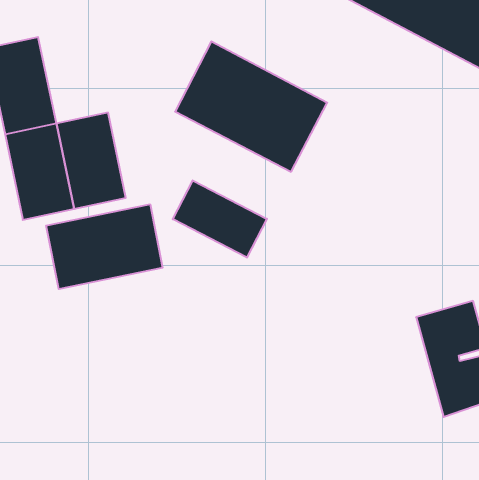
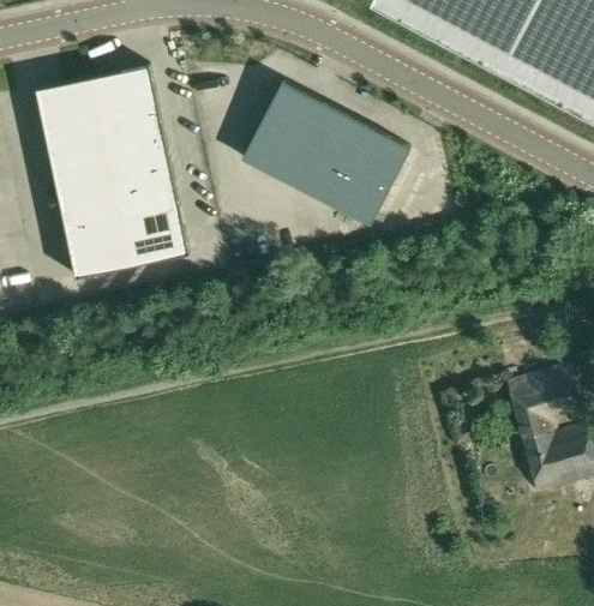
building: none -> [91,65,168,172]
building: [173,180,267,258] -> none
building: [46,204,163,289] -> none

